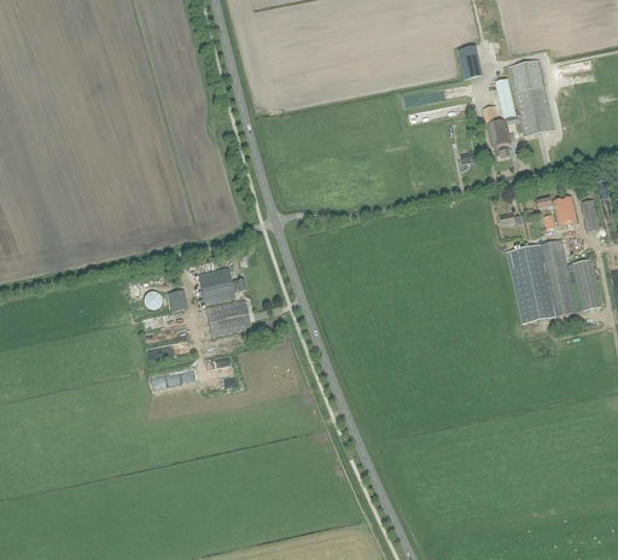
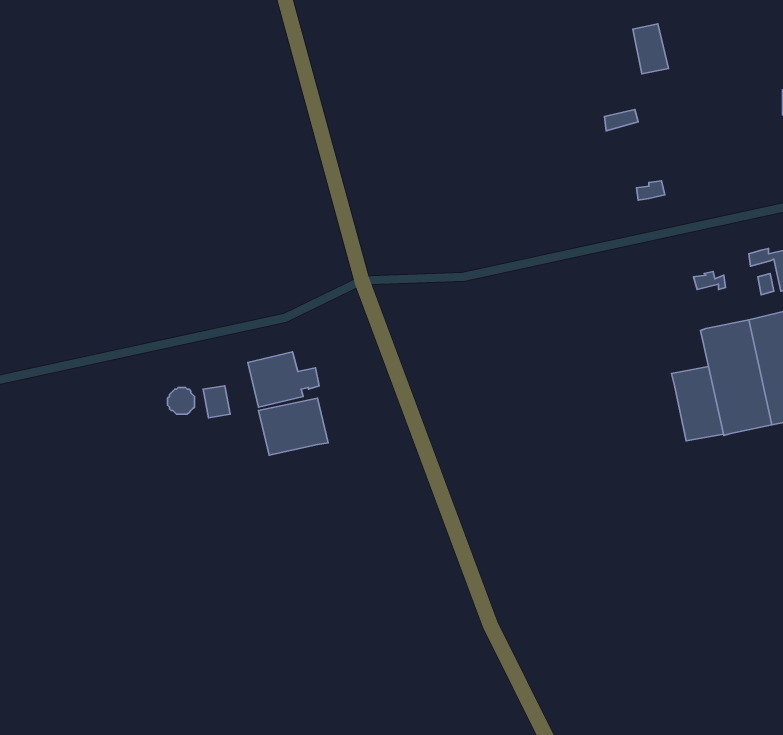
building: [484,59,554,158] -> none
building: none -> [671,367,723,441]

